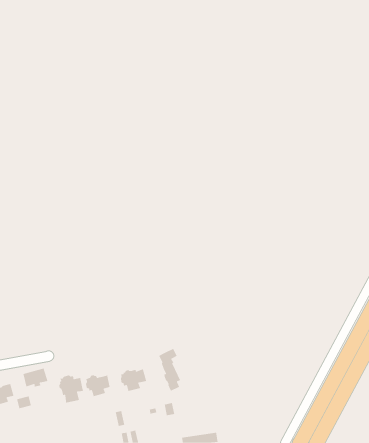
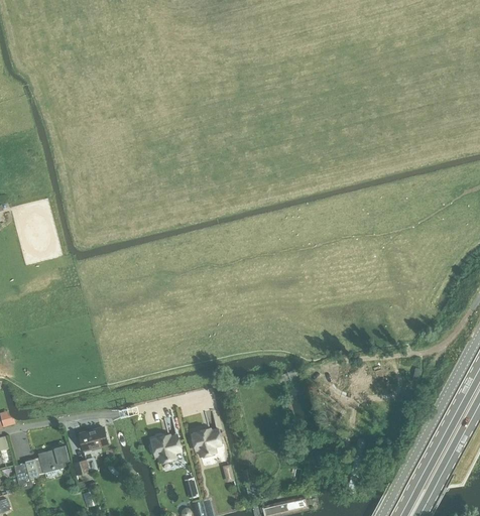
building: [158,348,181,392] -> none
building: [58,375,84,403] -> none

